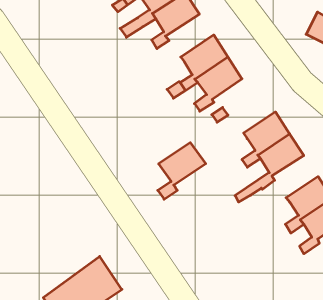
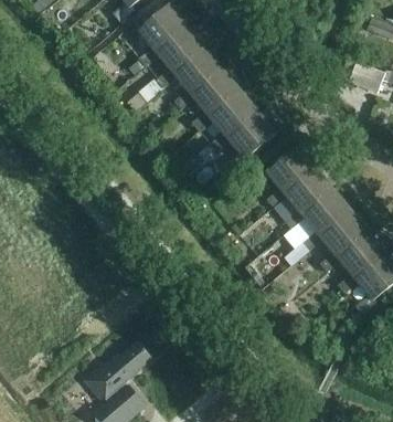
building: none -> [188,67,240,130]
building: [158,143,206,199] -> [264,144,315,208]
building: none -> [318,209,368,272]

